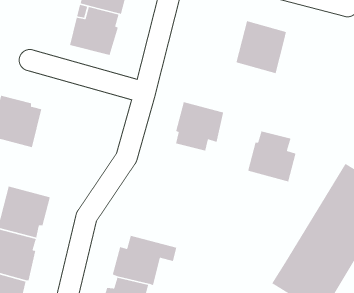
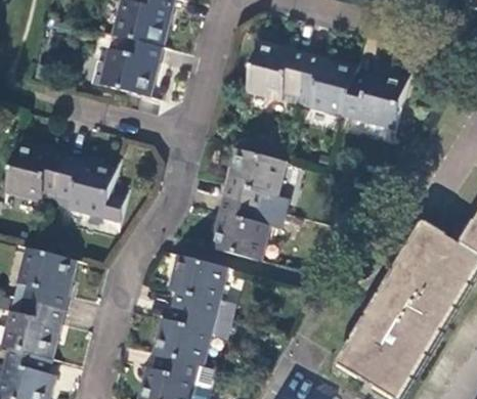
building: none -> [246,39,309,102]
building: none -> [344,70,406,130]
building: none -> [57,157,127,220]
building: [247,130,297,183] -> [209,197,267,259]
building: none -> [167,253,232,319]

